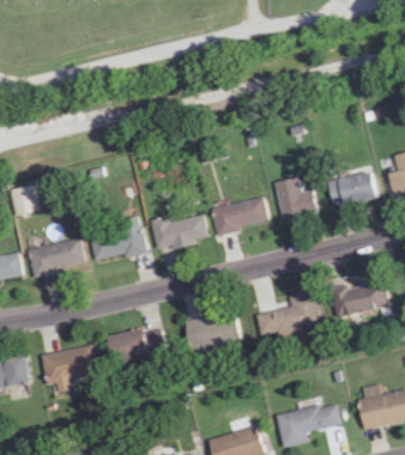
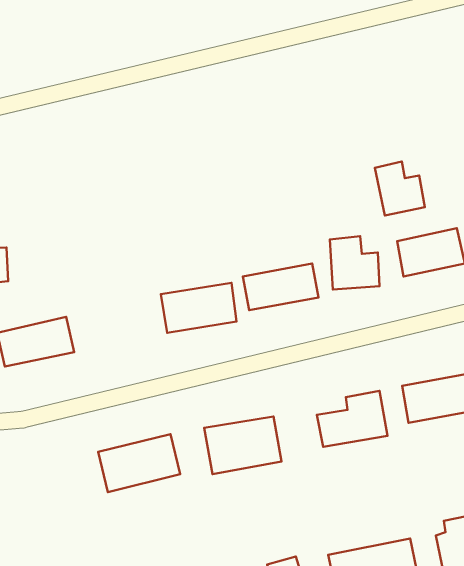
building: none -> [375,161,425,216]
building: [90,216,145,261] -> none
building: [44,346,96,383] -> none

